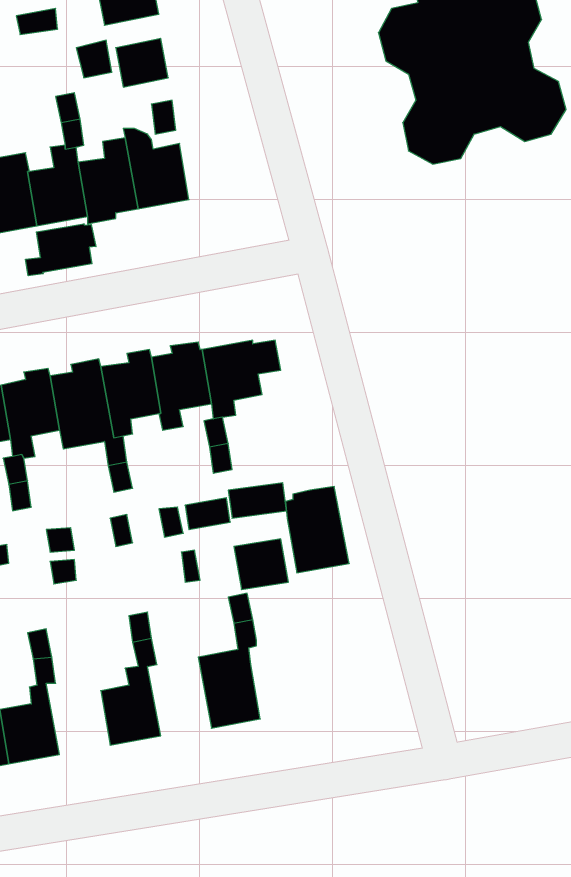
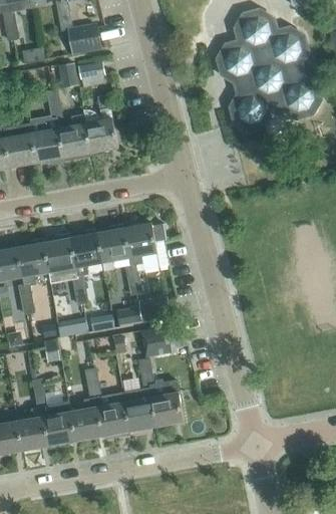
building: [26,224,96,276] -> none
building: [285,487,349,573] -> [149,379,184,426]
building: none -> [95,393,129,440]
building: none -> [41,402,75,445]

